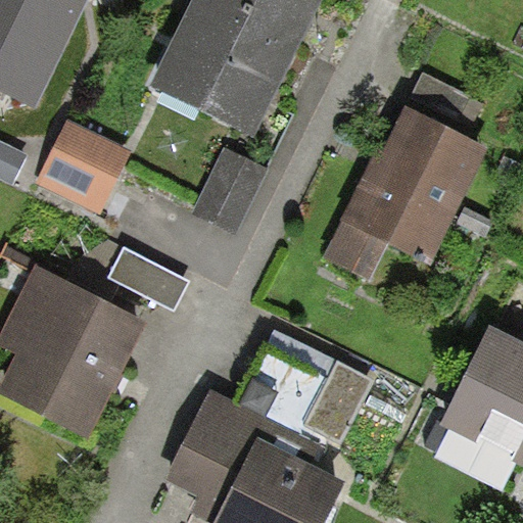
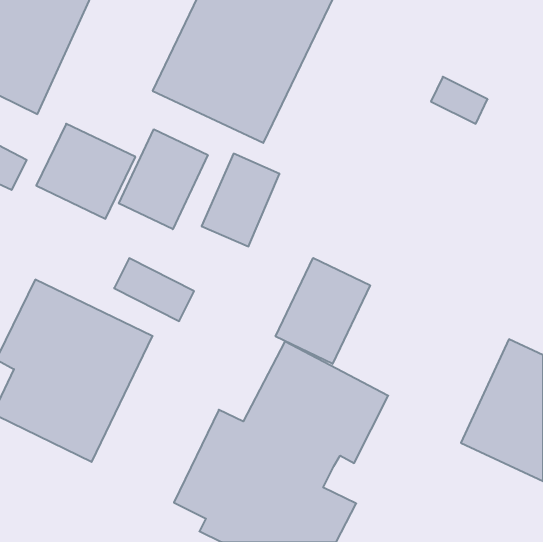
building: [327,108,487,279] -> none
building: none -> [119,129,208,229]
building: none -> [276,258,370,364]

